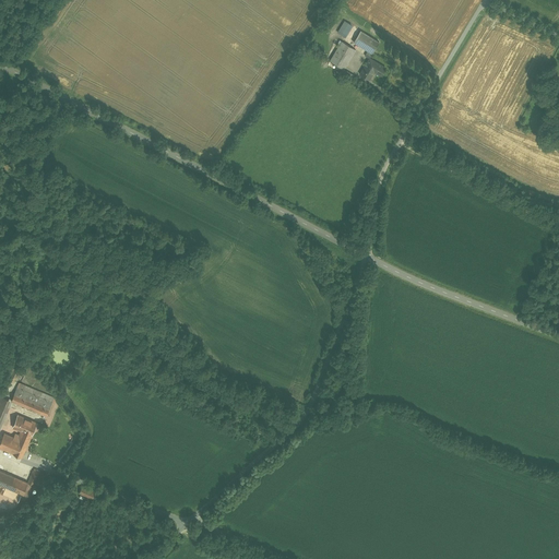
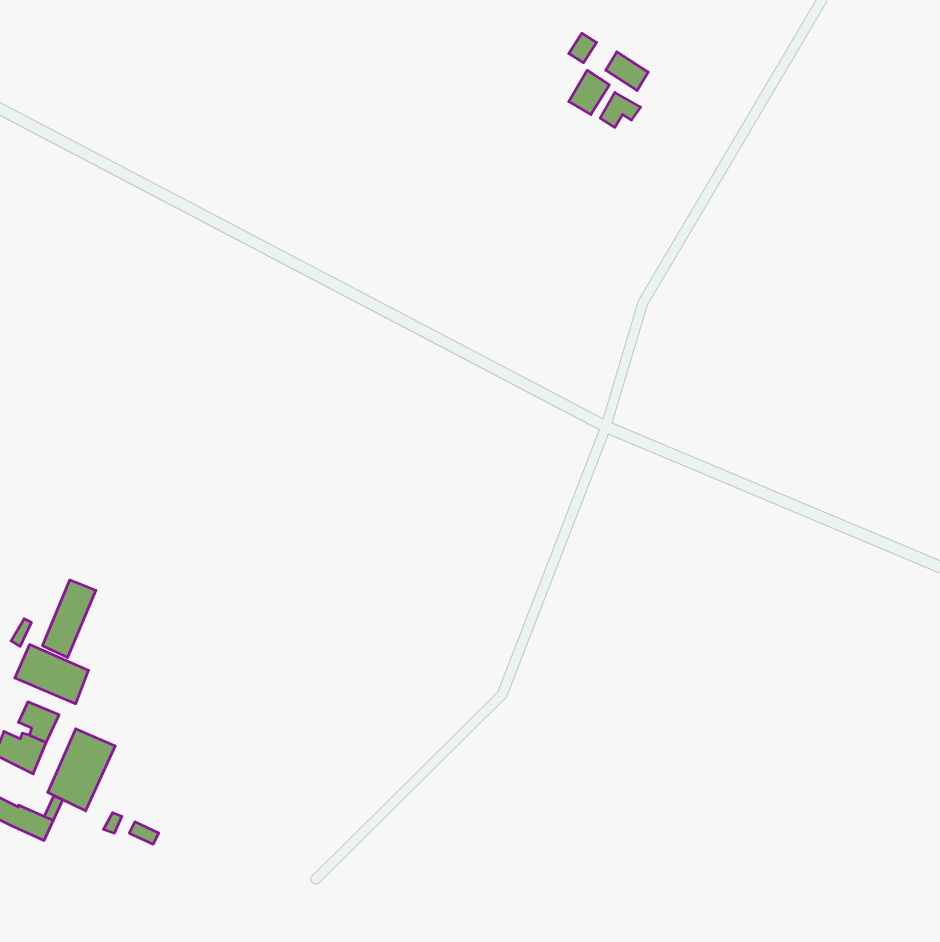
building: none -> [43,580,96,658]
building: none -> [48,729,115,811]

